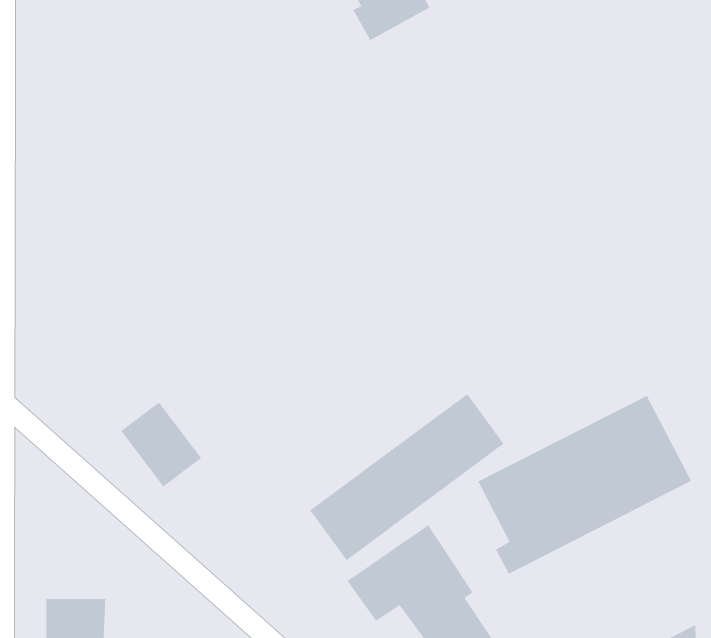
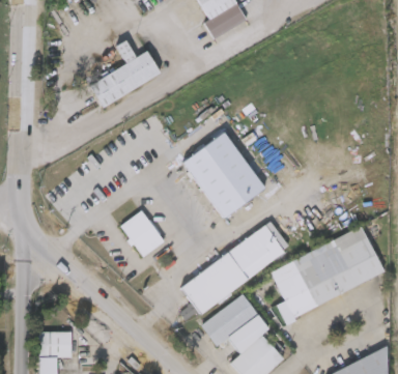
building: none -> [89,40,160,106]
building: none -> [182,133,263,218]
building: [120,401,202,488] -> [119,211,163,257]

